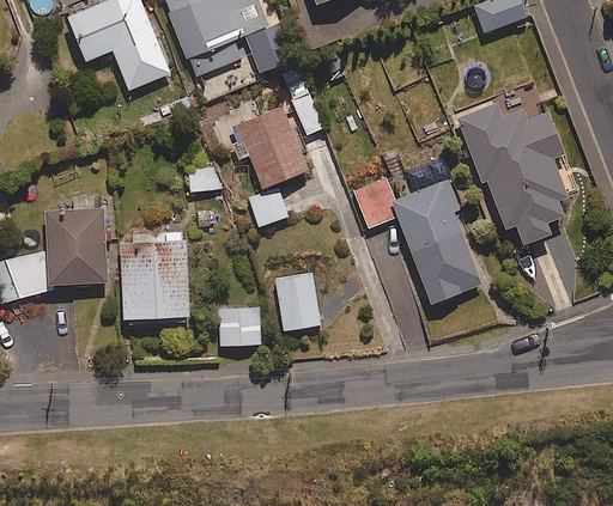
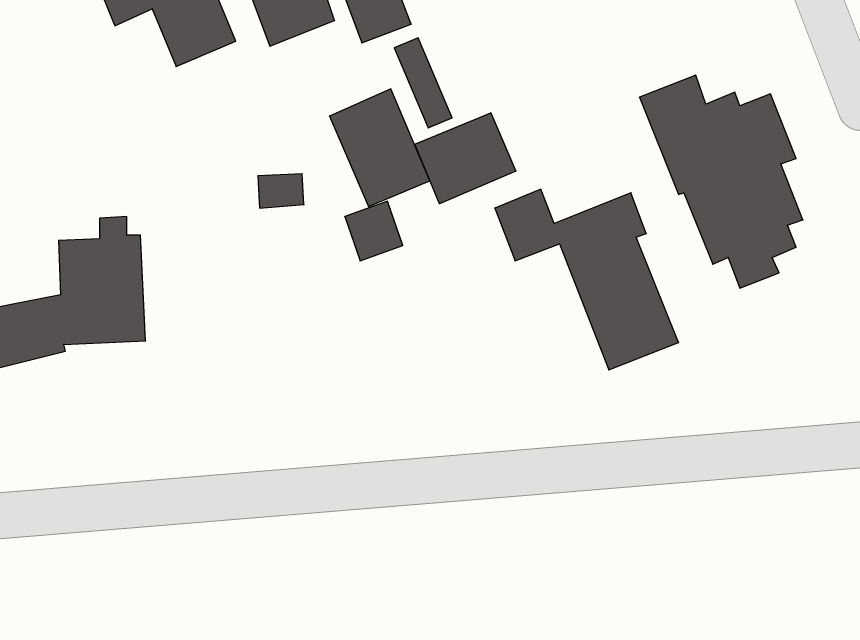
building: none -> [415,113,516,204]
building: [121,233,184,321] -> none
building: [271,269,321,331] -> none
building: [217,305,261,345] -> none

